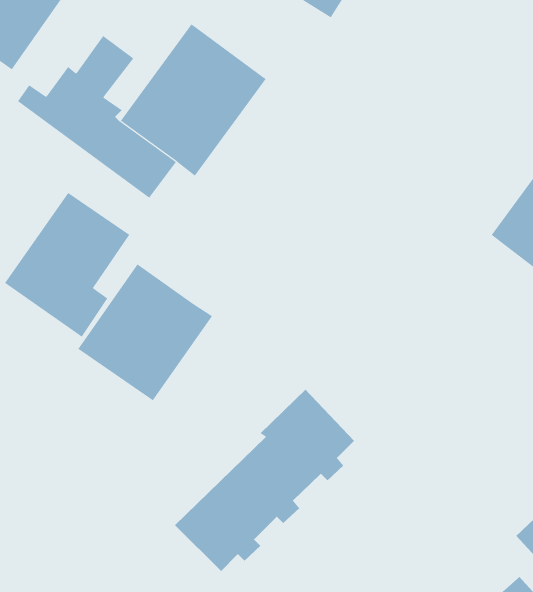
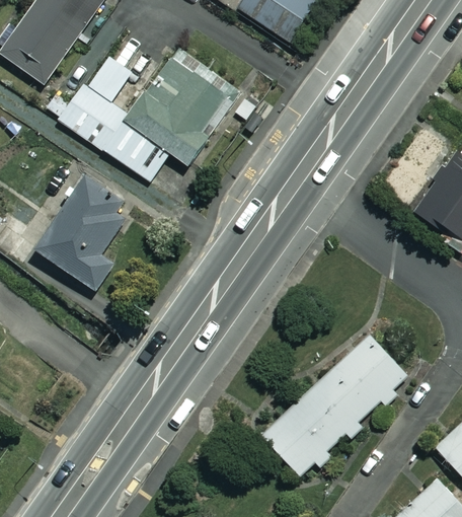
building: [78,264,213,401] -> none
building: [174,389,355,572] -> [264,334,405,476]

